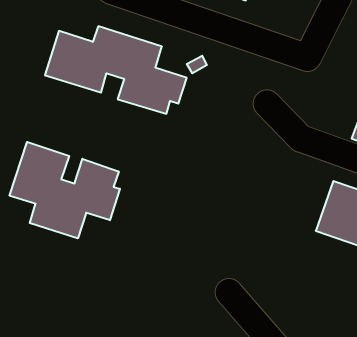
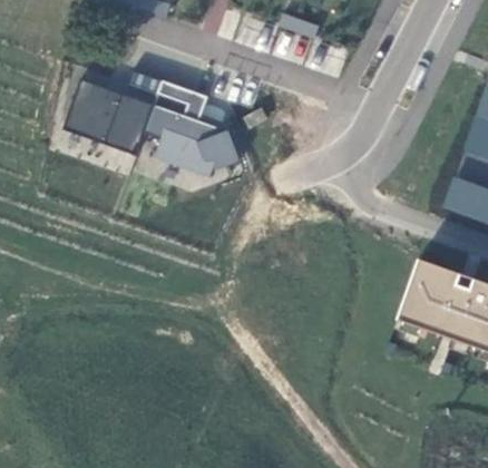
building: [10,142,120,238] -> none

